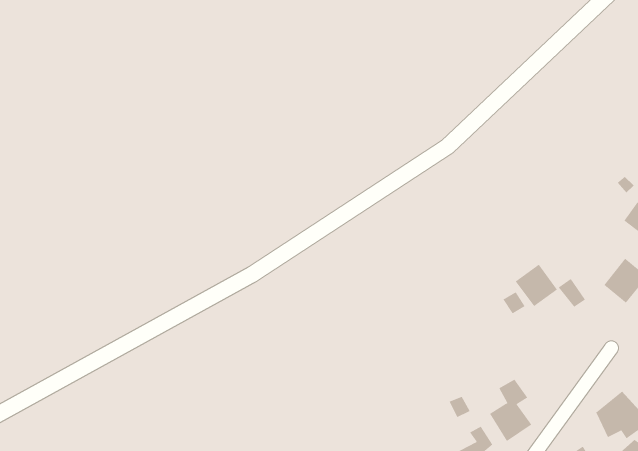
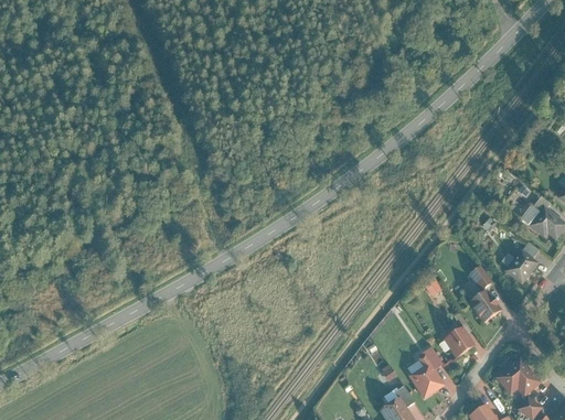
building: [515,264,558,307] -> [468,287,503,322]
building: none -> [443,324,476,357]

